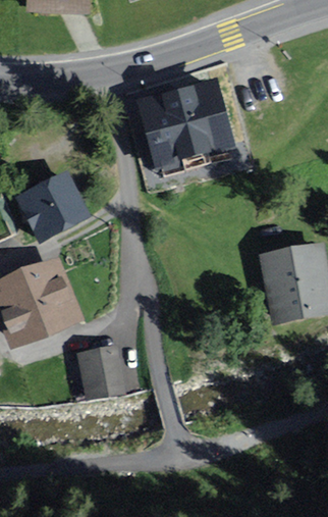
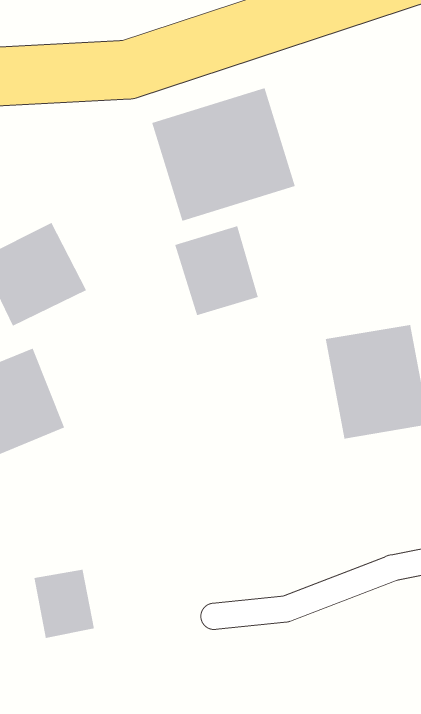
building: none -> [174,225,259,316]
building: [77,345,120,394] -> [34,569,95,639]

